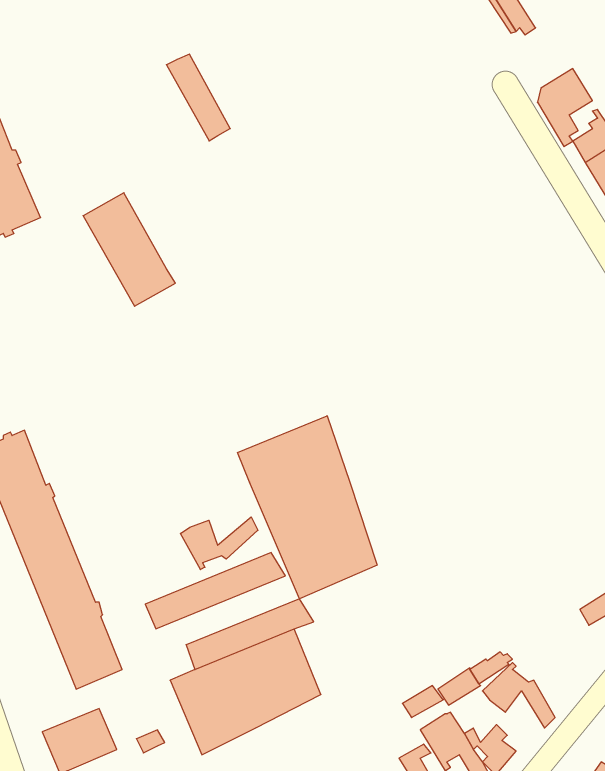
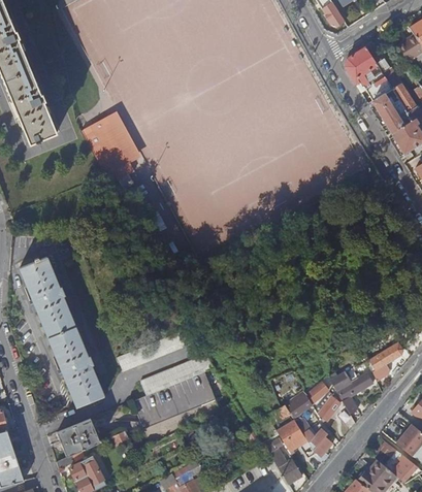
building: [166,54,230,141] -> [104,111,141,162]
building: [237,416,377,599] -> none
building: [180,517,258,570] -> none
building: none -> [326,365,371,423]

